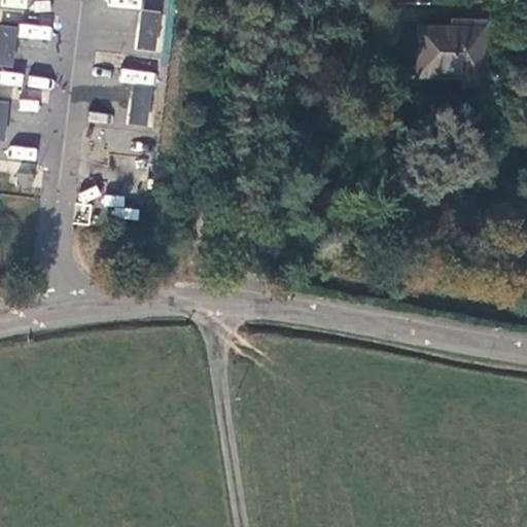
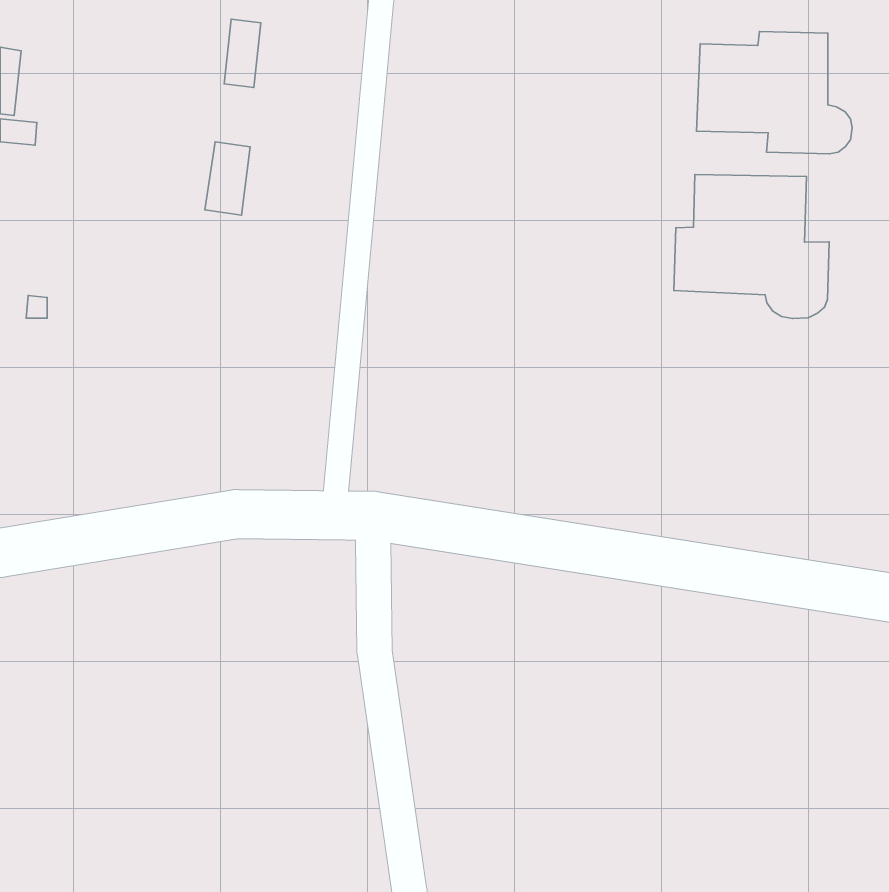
building: none -> [674,174,829,319]

